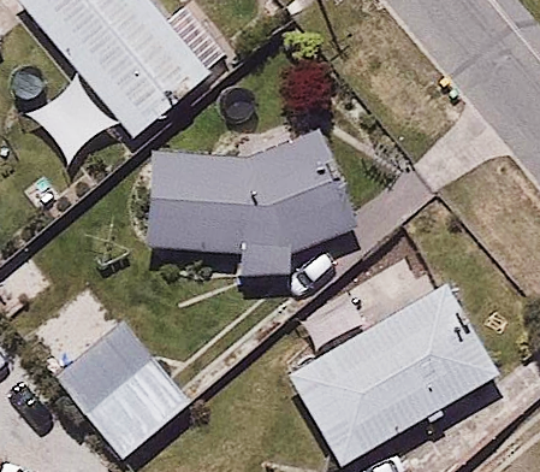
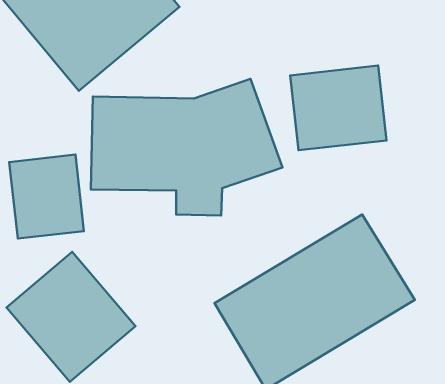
building: none -> [290,66,386,150]
building: none -> [9,155,84,239]

